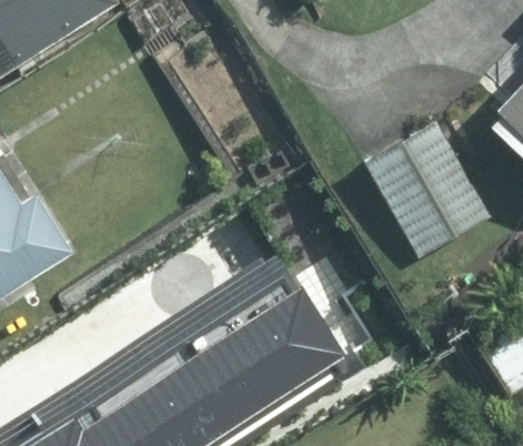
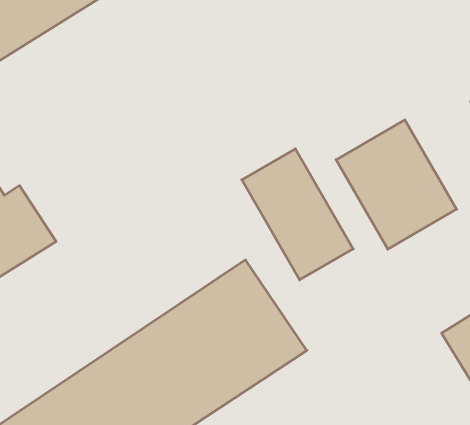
building: none -> [242,149,353,280]

